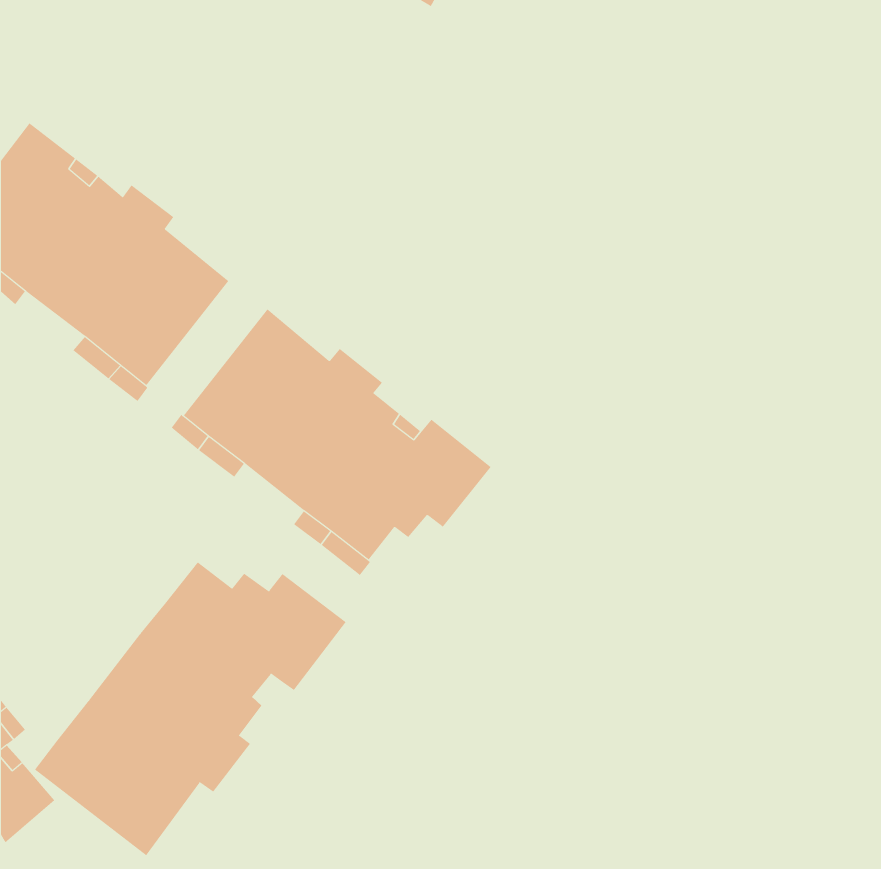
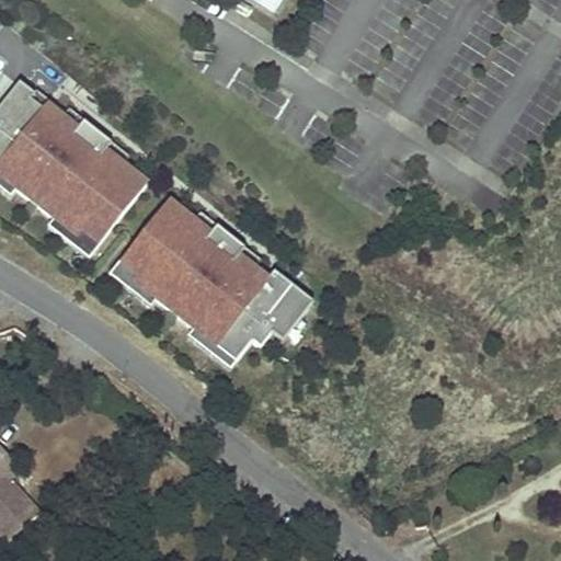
building: [34,561,346,856] -> none

